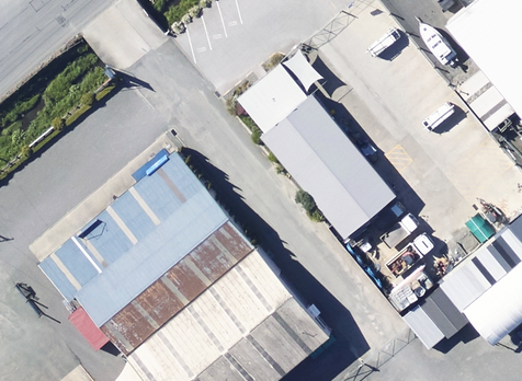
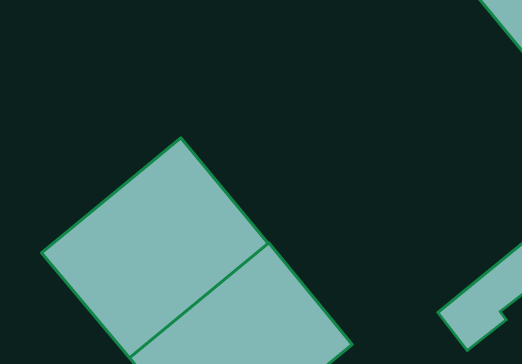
building: [240,47,399,235] -> none

